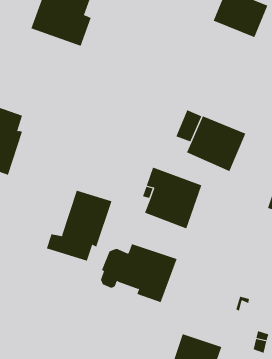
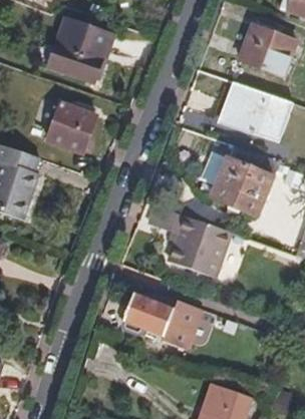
building: none -> [219,80,294,142]
building: none -> [47,102,96,152]
building: [46,190,112,261] -> none

